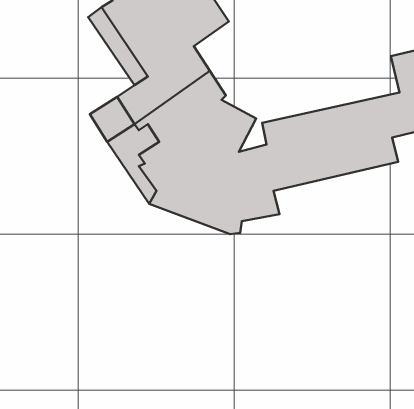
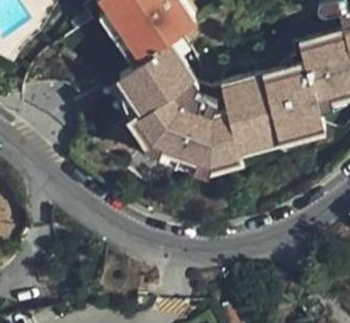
building: none -> [204,117,319,167]

